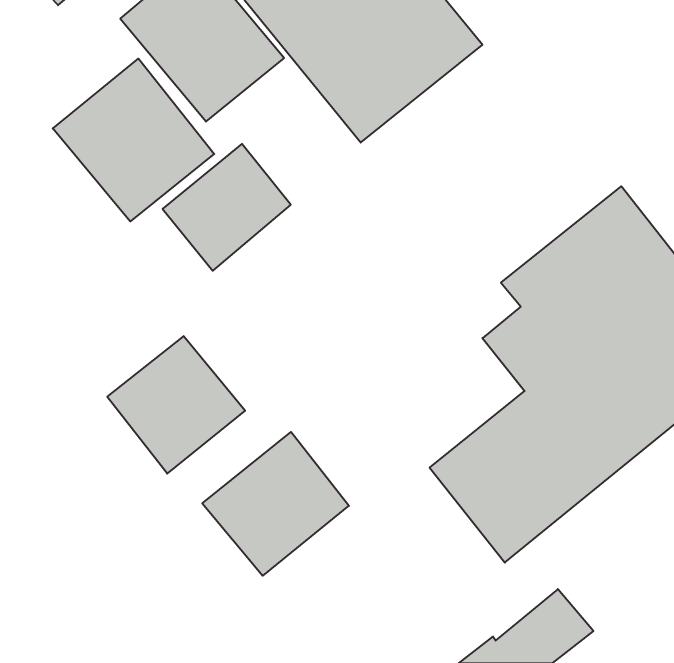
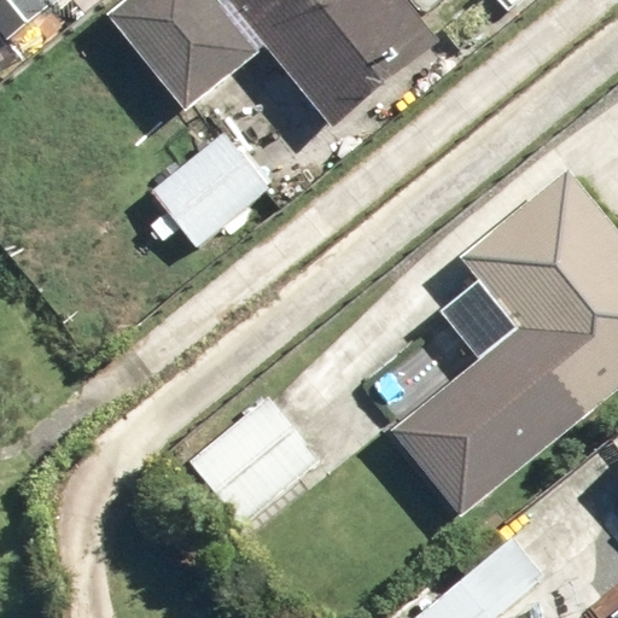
building: [53,59,214,221] -> none
building: [107,336,245,474] -> none

